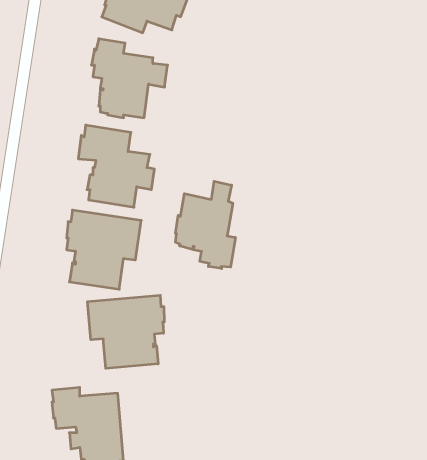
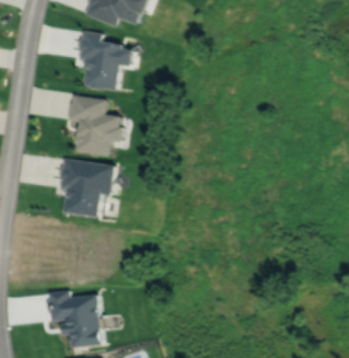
building: [176,181,235,269] -> none
building: [88,295,164,368] -> none

